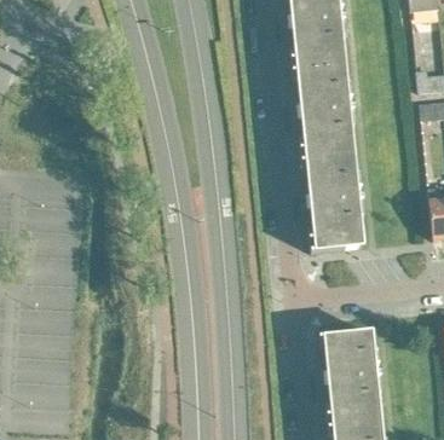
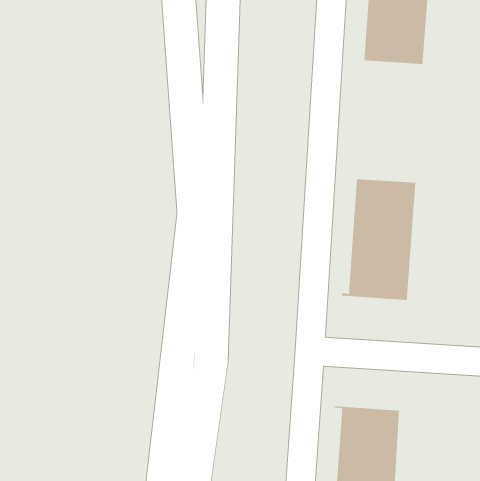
building: [298,66,353,162] -> none

